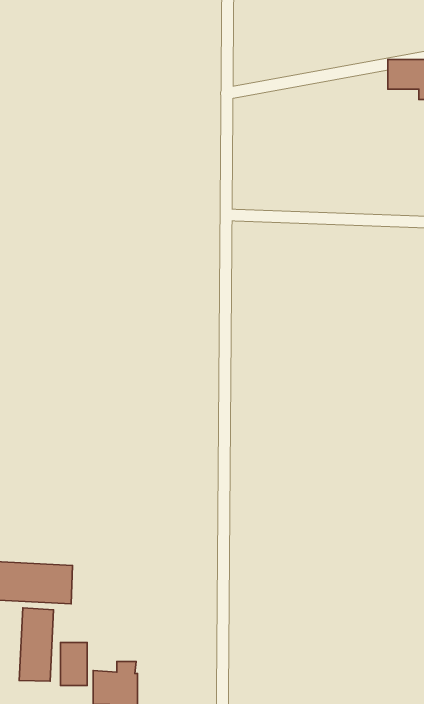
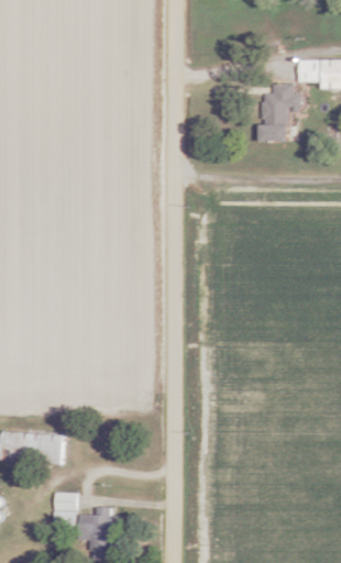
building: none -> [260,82,300,142]
building: [19,608,54,681] -> none

